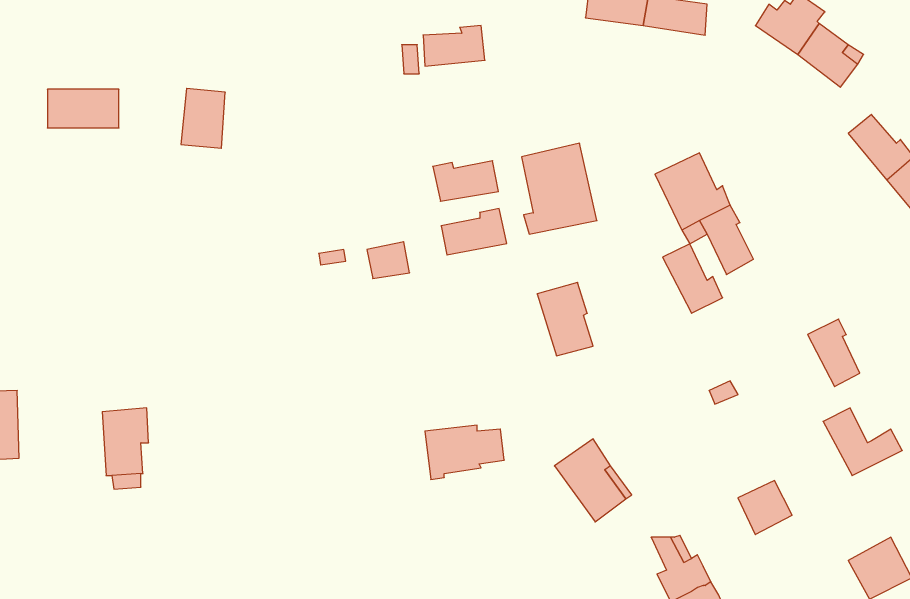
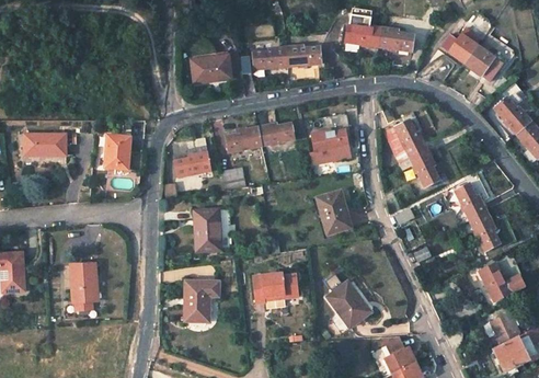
building: none -> [285,45,320,66]
building: none -> [190,55,230,82]
building: [181,88,225,148] -> [104,135,129,169]
building: [47,89,119,128] -> [24,134,65,156]
building: none -> [172,136,209,176]
building: [441,209,507,255] -> [225,126,262,152]
building: [663,244,723,313] -> [454,182,488,221]
building: none -> [195,209,227,251]
building: none -> [184,280,218,321]
building: [738,481,792,535] -> [489,313,519,344]

